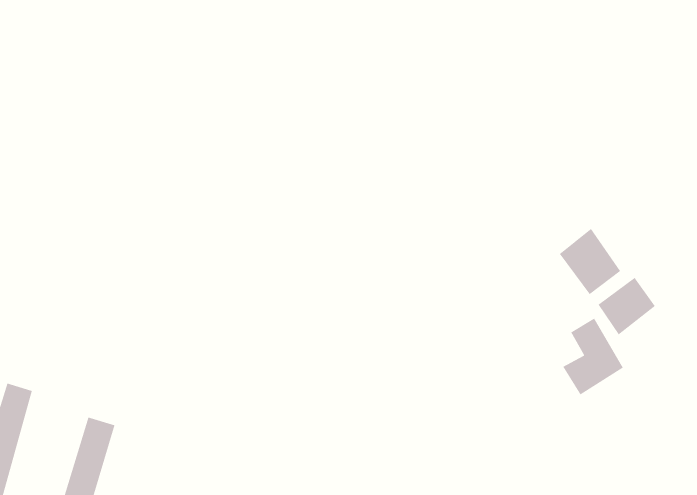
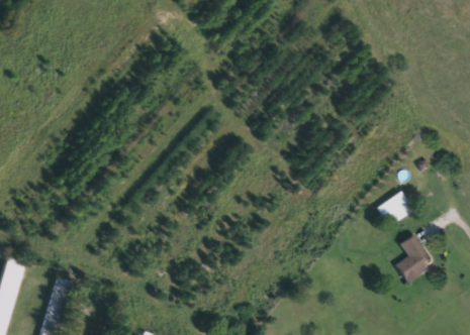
building: [559,228,621,295] -> none
building: [562,318,624,396] -> [394,233,433,282]

